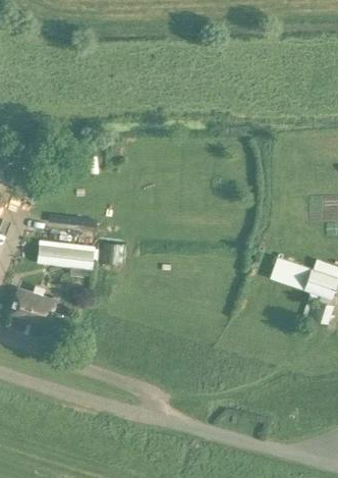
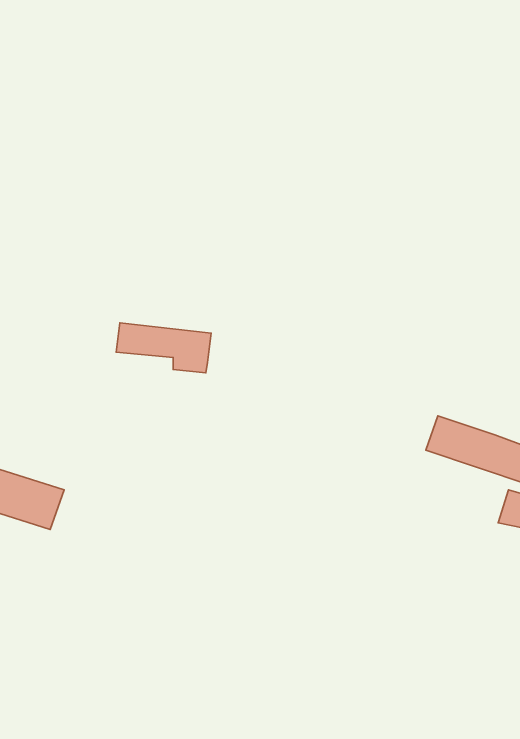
building: [39,246,95,275] -> [116,323,211,373]

